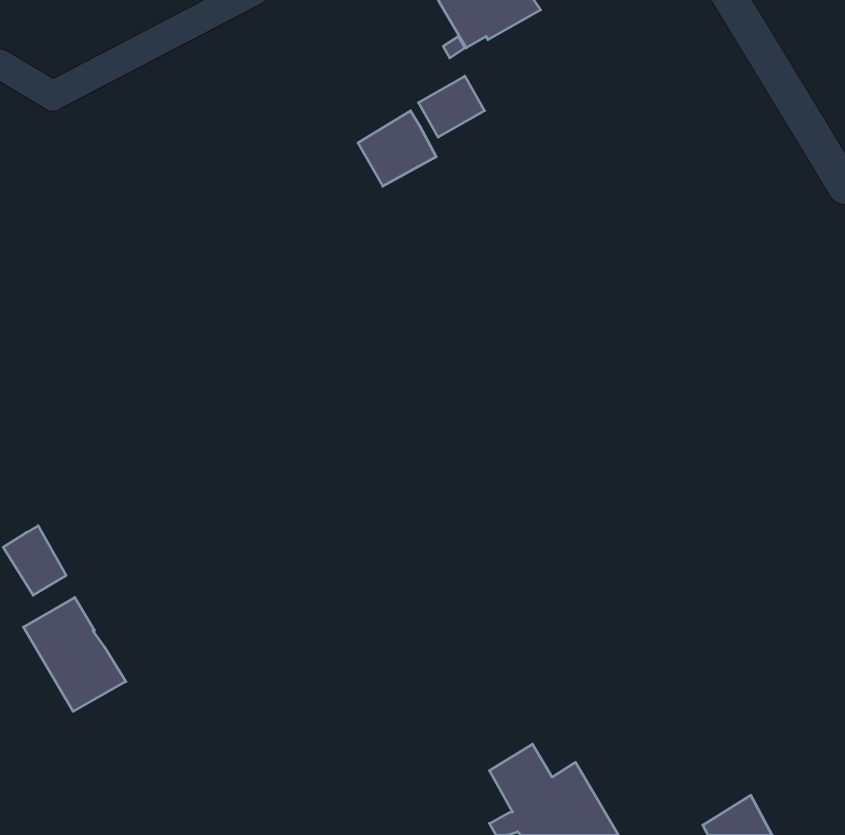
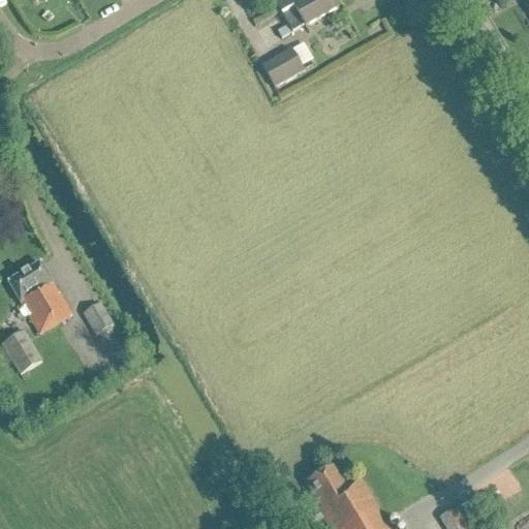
building: [358,111,436,186] -> none
building: none -> [82,302,113,335]
building: [23,597,126,711] -> [8,260,72,332]

